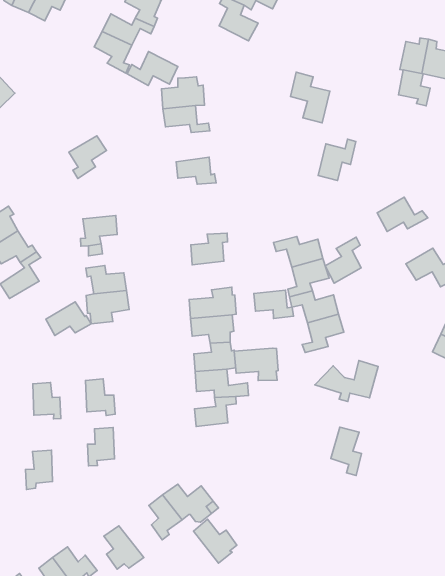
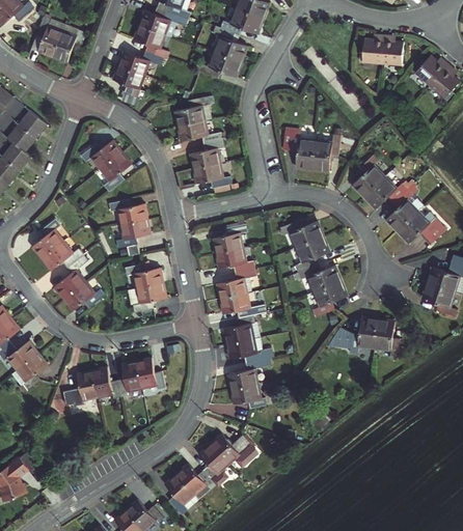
building: [127,52,178,85] -> [195,51,237,79]
building: [398,70,430,106] -> none
building: [291,72,330,123] -> [279,125,311,165]
building: none -> [80,141,120,171]
building: none -> [186,139,216,168]
building: none -> [352,149,382,190]
building: none -> [109,200,144,225]
building: [325,237,361,283] -> [381,189,411,229]
building: [254,290,294,319] -> [213,246,248,271]
building: [46,302,91,335] -> [64,281,103,311]
building: [234,348,278,381] -> none
building: none -> [233,380,269,413]
building: [331,427,361,475] -> [374,317,399,356]
building: [88,428,114,466] -> [116,359,140,393]
building: [25,450,53,490] -> [73,367,97,402]
building: [194,519,237,563] -> [179,465,216,500]

